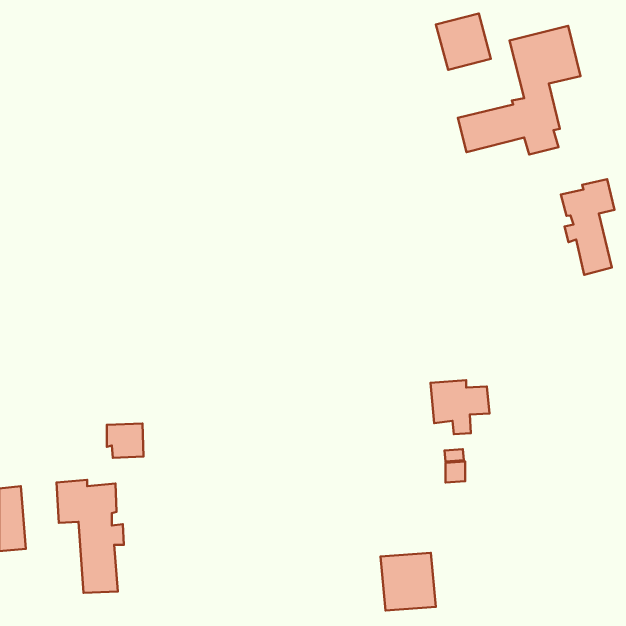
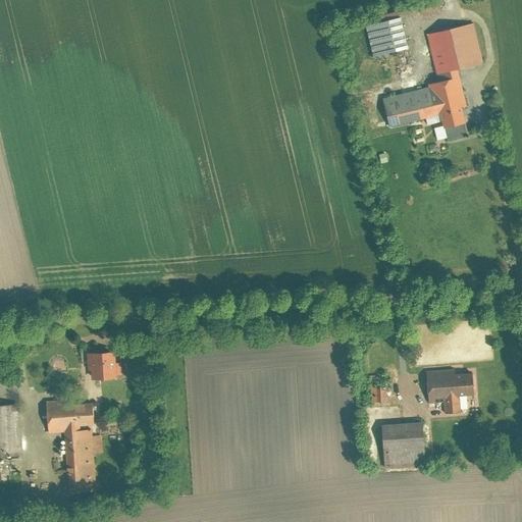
building: [561,179,615,275] -> none
building: [430,380,489,434] -> [425,369,474,414]
building: [381,553,436,611] -> [380,422,426,470]

